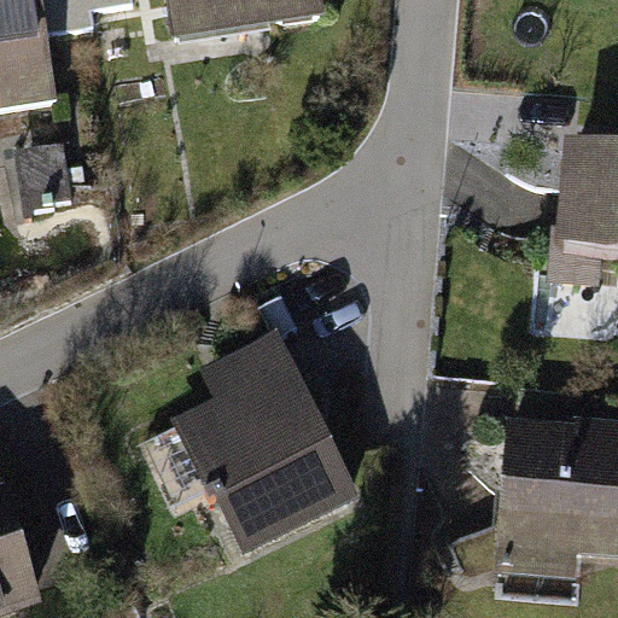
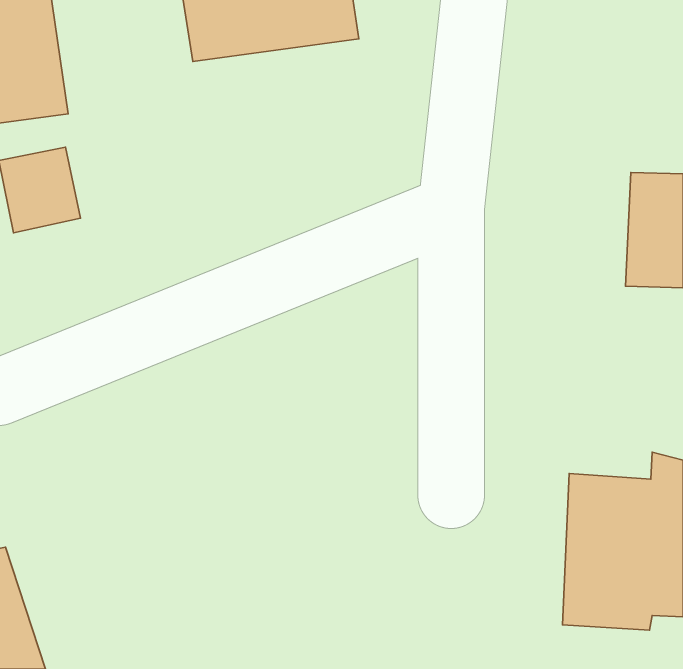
building: [183,327,352,538] -> none

